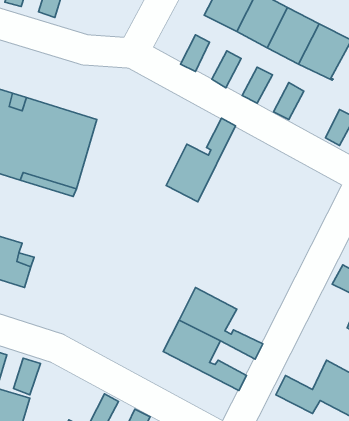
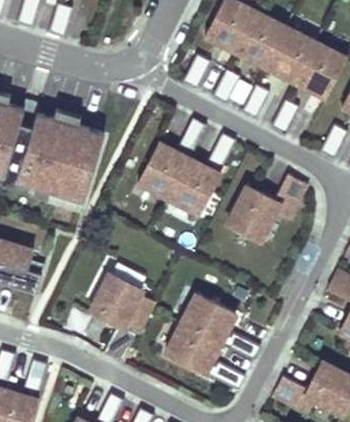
building: none -> [139,117,206,196]
building: none -> [225,165,303,233]
building: none -> [90,270,157,361]

